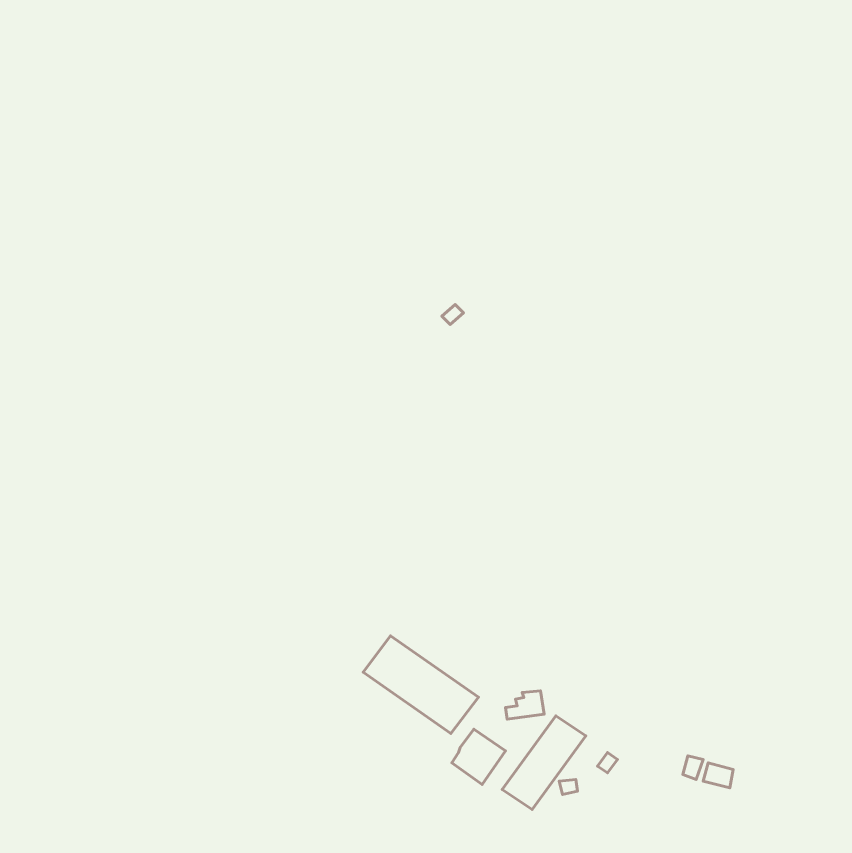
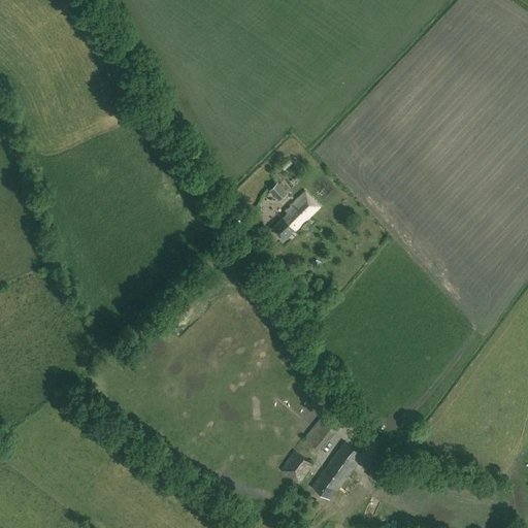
building: none -> [269,192,318,240]
building: [363,636,478,733] -> none

